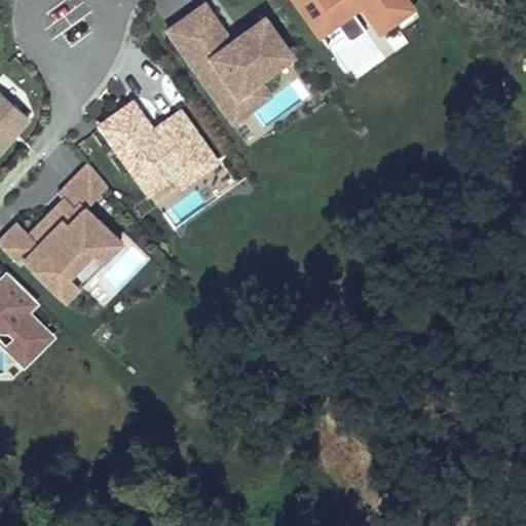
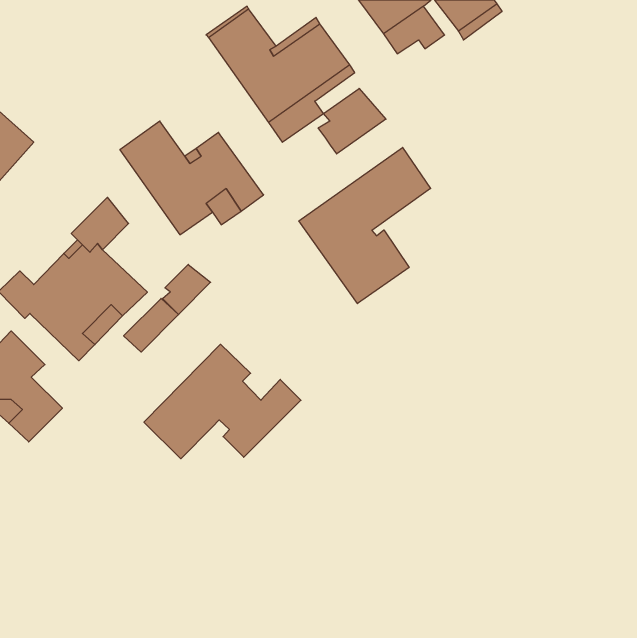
building: none -> [318,88,386,154]
building: none -> [299,147,431,304]
building: none -> [163,264,211,314]
building: none -> [144,344,301,459]

